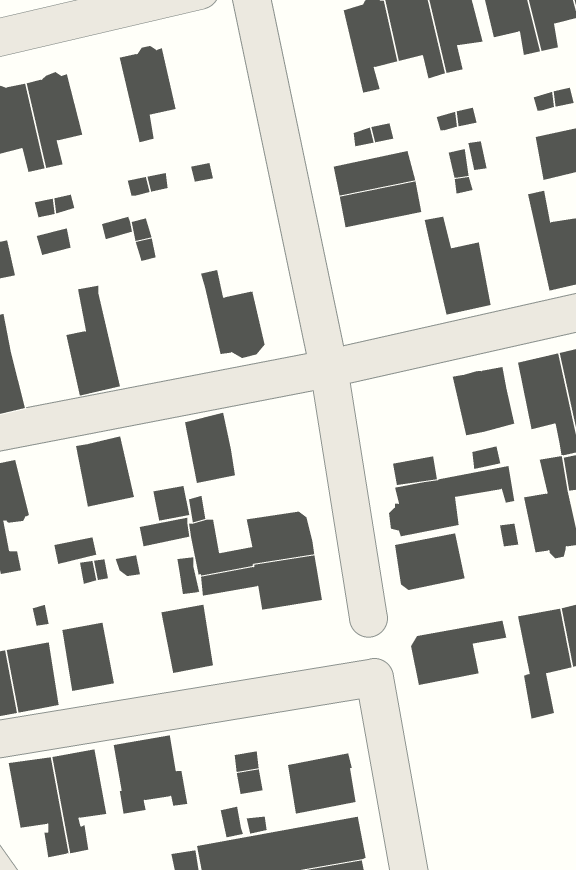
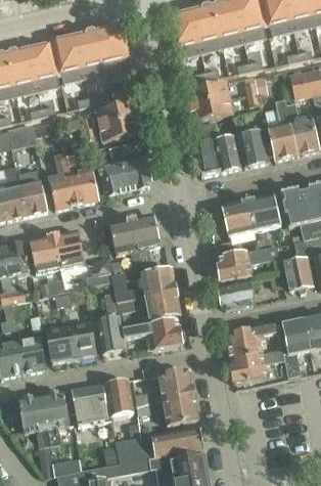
building: none -> [169,9,201,55]
building: none -> [98,23,128,60]
building: none -> [53,34,86,80]
building: none -> [266,99,297,160]
building: none -> [96,100,143,141]
building: none -> [193,121,240,176]
building: none -> [98,145,128,196]
building: none -> [65,153,99,204]
building: none -> [20,181,47,215]
building: none -> [222,198,255,234]
building: none -> [130,213,161,269]
building: none -> [29,234,59,272]
building: none -> [123,318,185,350]
building: none -> [67,321,96,357]
building: none -> [230,348,284,383]
building: none -> [157,368,194,399]
building: none -> [105,379,133,415]

